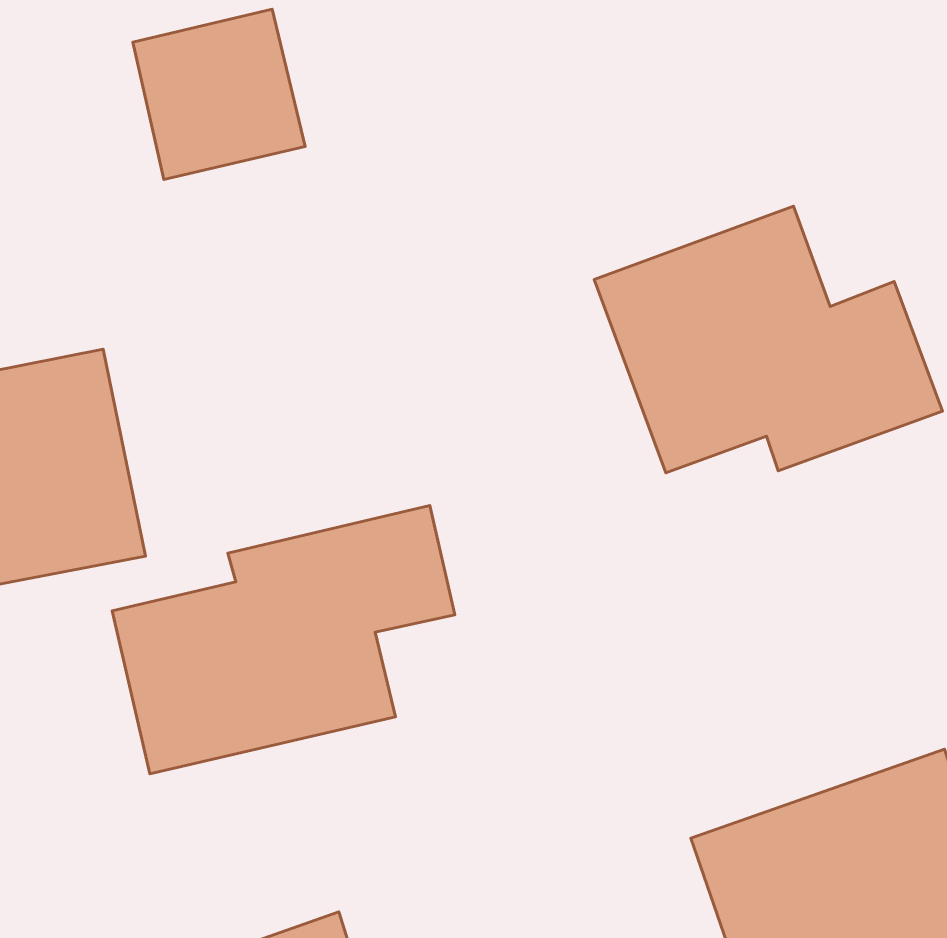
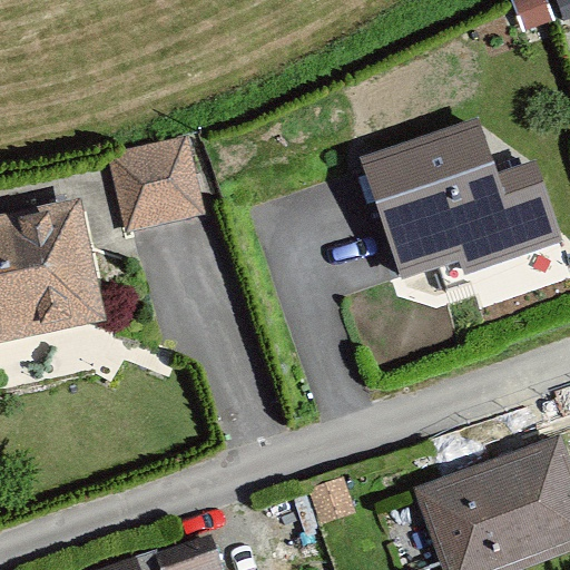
building: [133,9,305,179] -> [111,137,210,235]
building: [112,505,455,774] -> none

